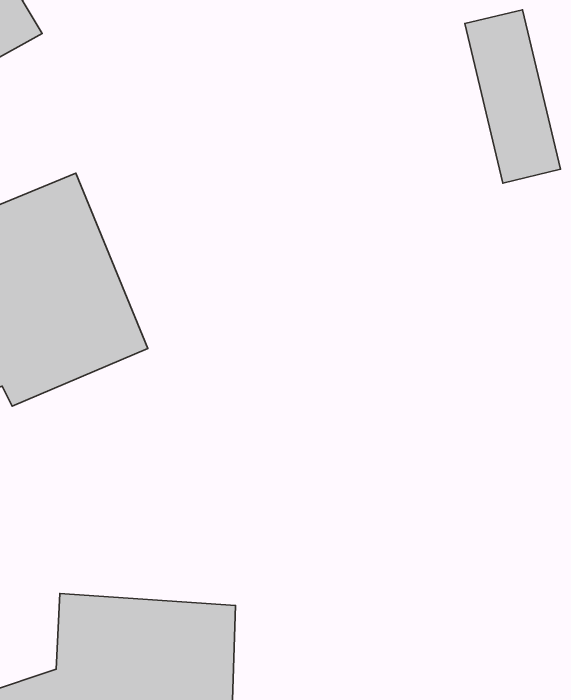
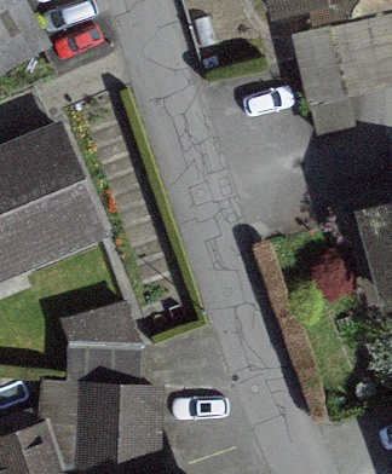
building: none -> [68,305,139,383]

